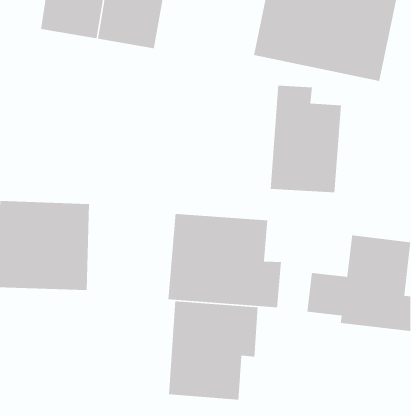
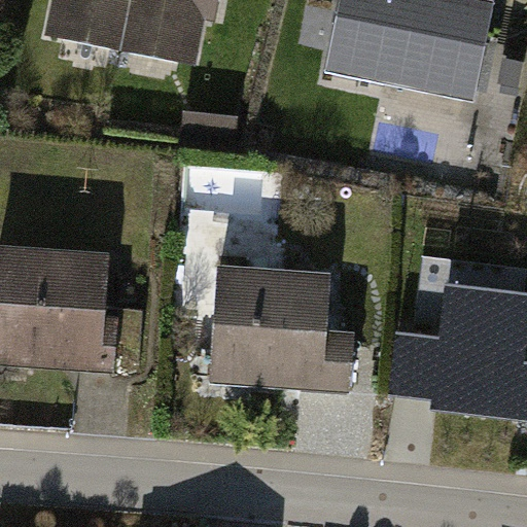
building: [270,85,342,193] -> none
building: [168,300,259,400] -> none

